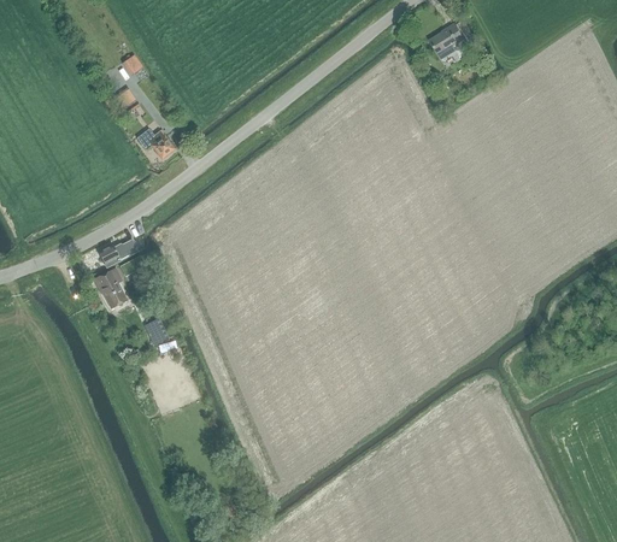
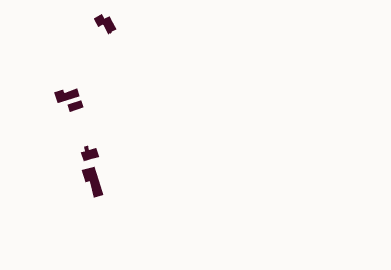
building: [94,267,127,308] -> none
building: none -> [81,166,104,199]

